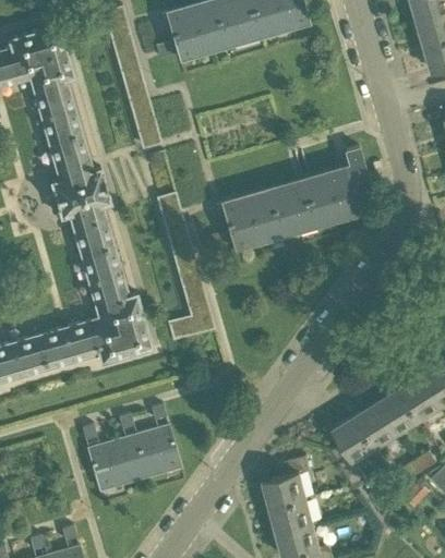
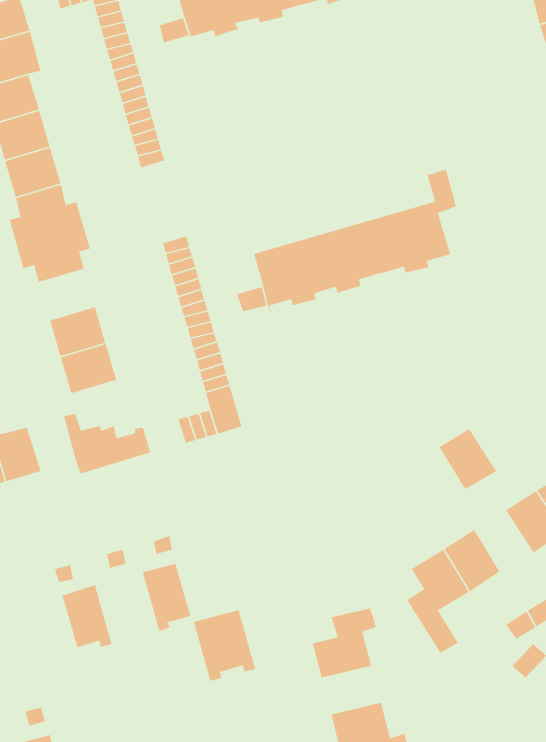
building: [71,217,111,253] -> none
building: [94,293,145,336] -> none
building: [63,320,97,360] -> none
building: [378,387,420,430] -> [438,428,497,490]
building: [111,430,156,482] -> [193,609,256,682]
building: [270,497,313,531] -> none

